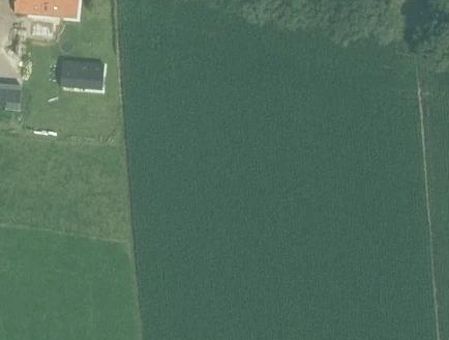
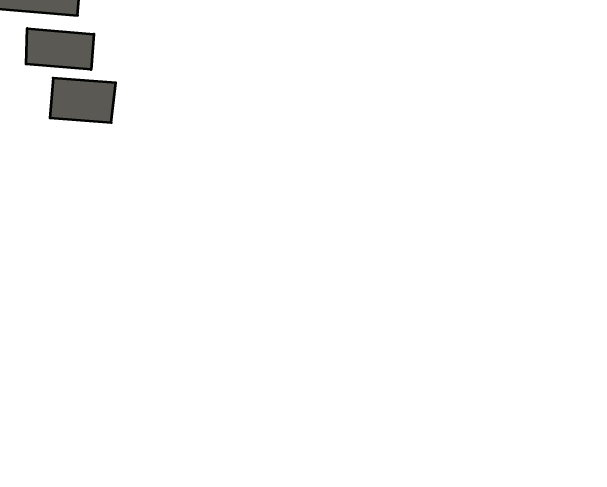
building: none -> [26,28,94,70]

